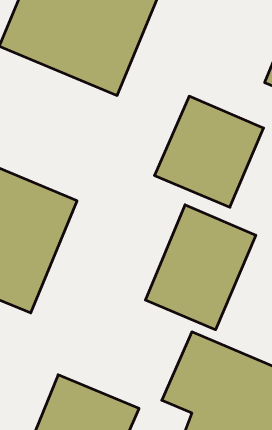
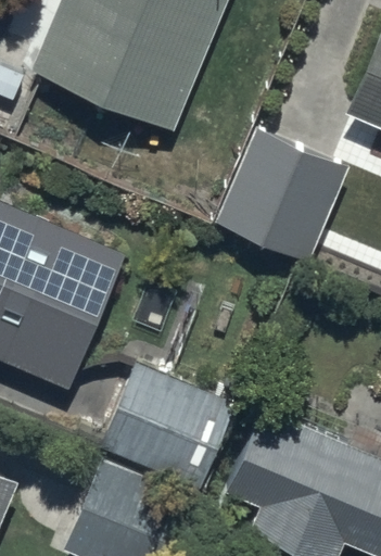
building: [145,205,256,330] -> none
building: none -> [101,363,236,489]

